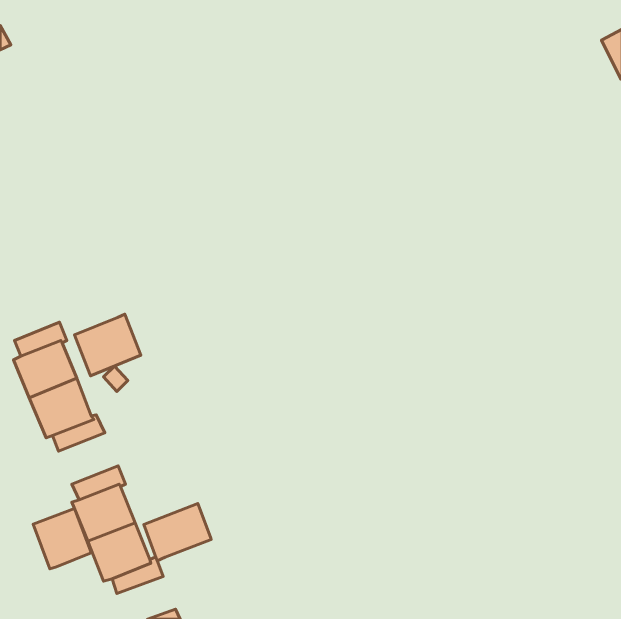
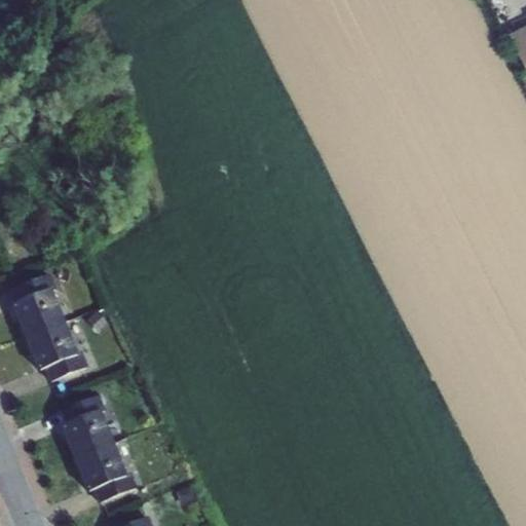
building: [75,314,141,376] -> none
building: [144,503,211,561] -> none
building: [33,508,91,569] -> none

